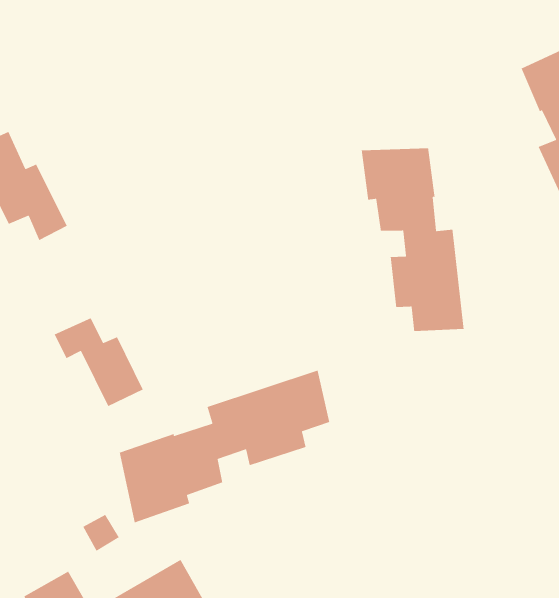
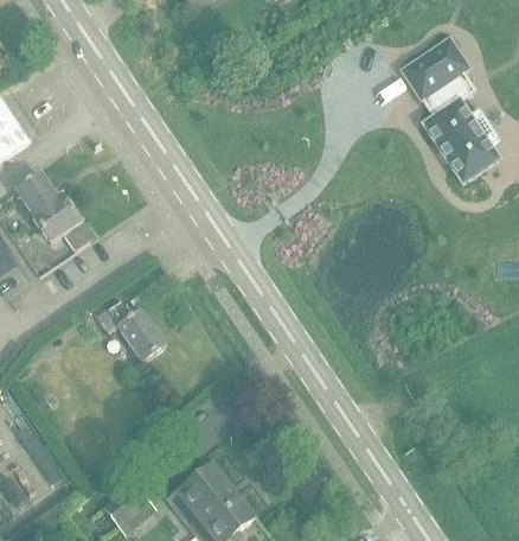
building: [361,147,464,332] -> none
building: [119,370,330,523] -> none

